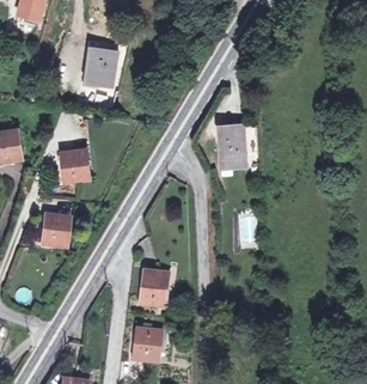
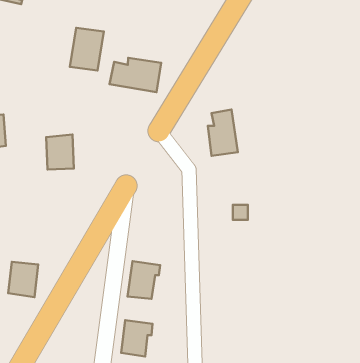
building: none -> [110,58,161,92]
building: [42,214,71,248] -> [8,262,38,297]

